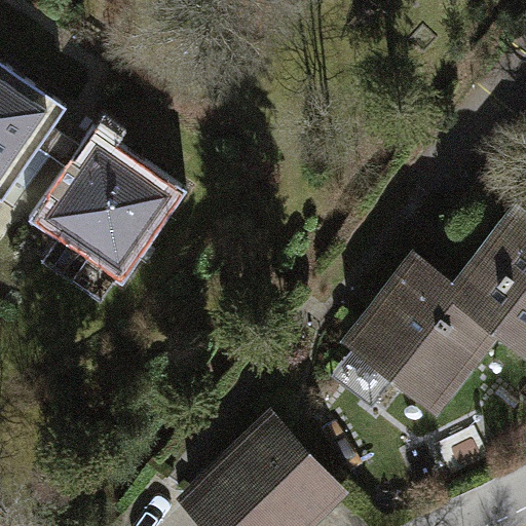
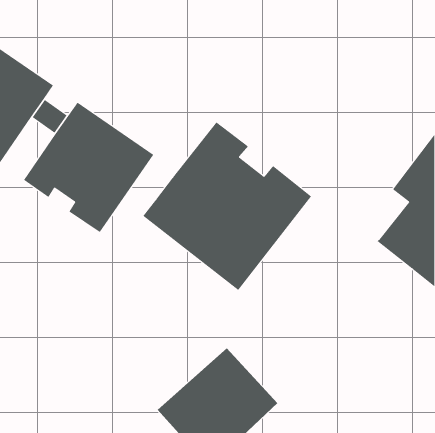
building: none -> [143,121,312,291]
building: [349,261,494,407] -> none

